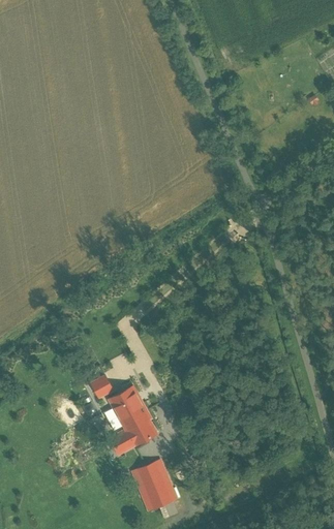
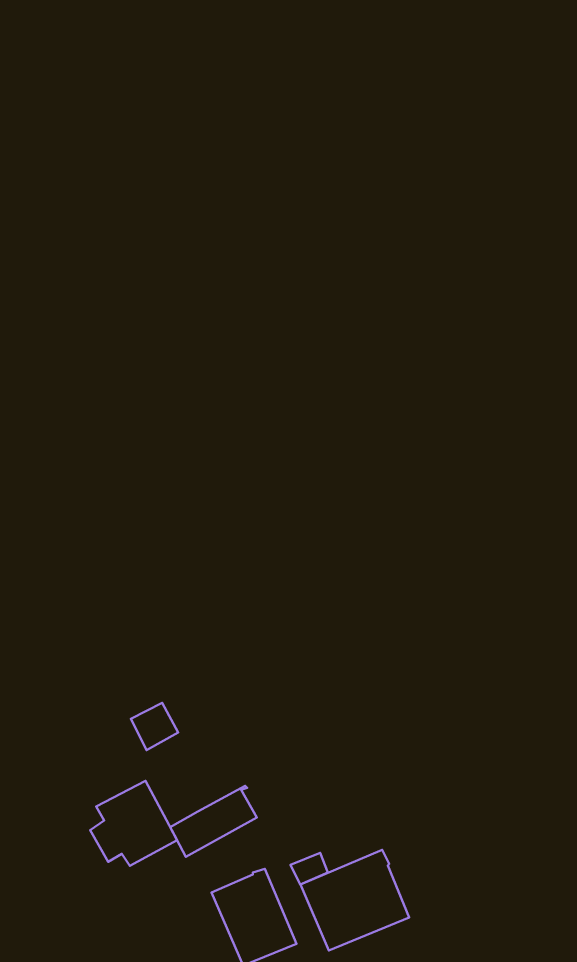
building: [104,385,150,430] -> [90,781,177,866]
building: none -> [300,850,409,950]

